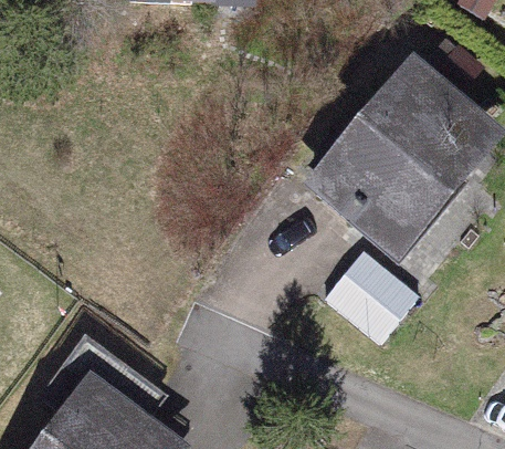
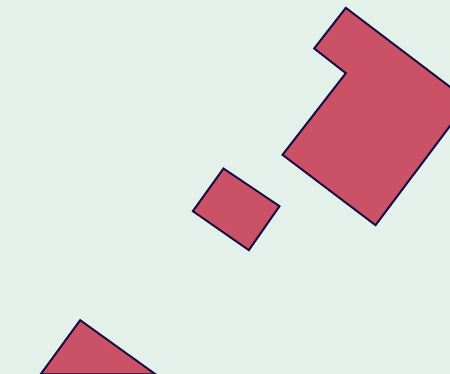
building: [319,254,413,343] -> [193,168,280,250]

